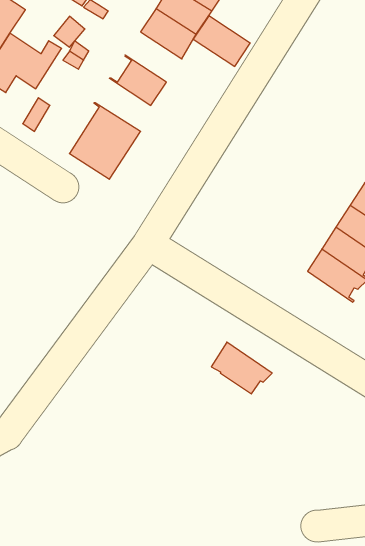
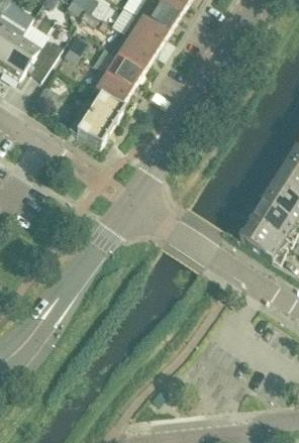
building: [193,16,250,66] -> [111,31,156,71]
building: none -> [88,68,131,109]
building: [211,342,272,394] -> [241,218,289,258]

